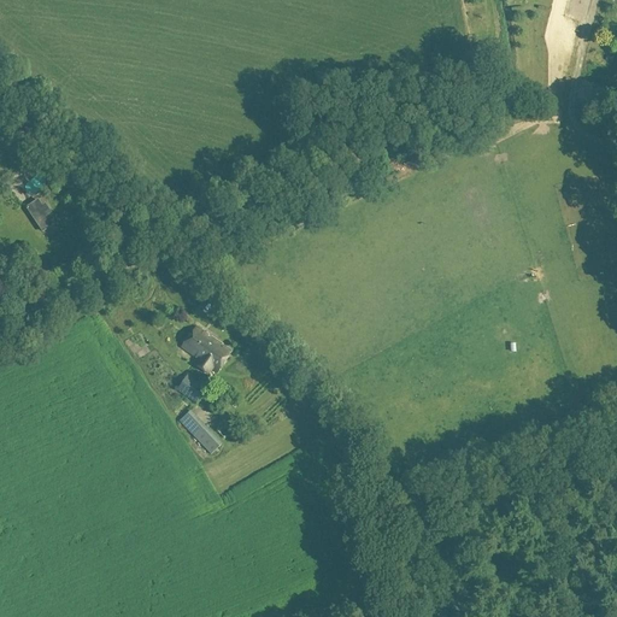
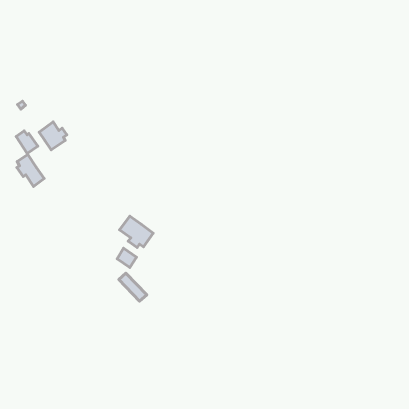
building: none -> [39,122,67,150]
building: none -> [17,155,44,186]

